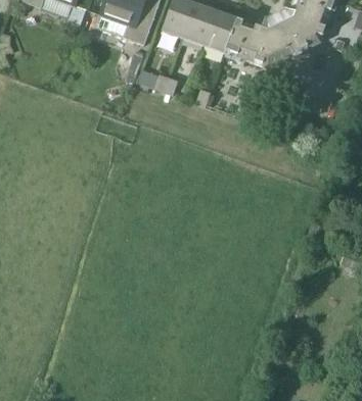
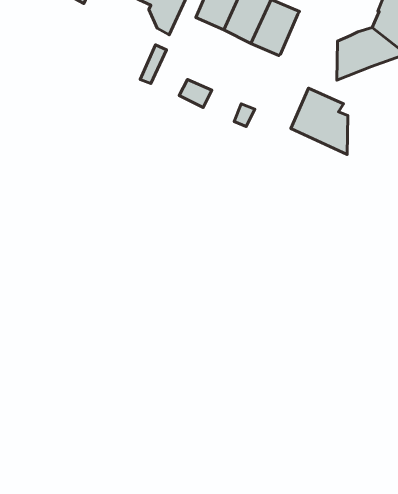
building: [228,19,271,65] -> [291,88,348,154]

